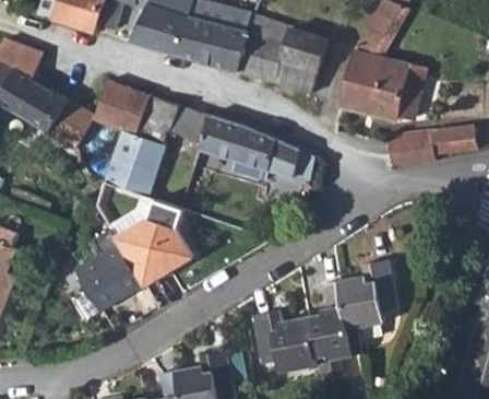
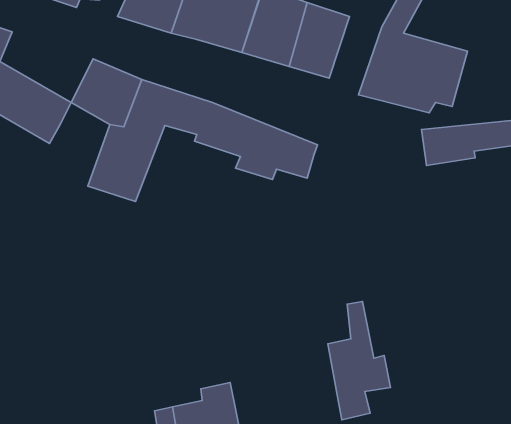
building: [75,202,193,313] -> none
building: [338,261,398,331] -> none
building: [254,314,318,375] -> none

